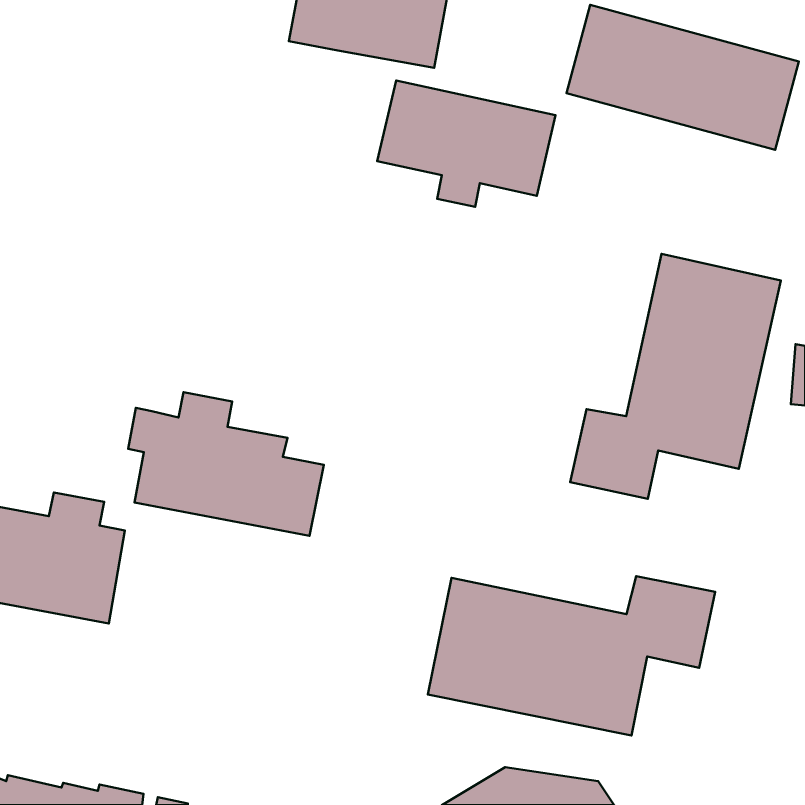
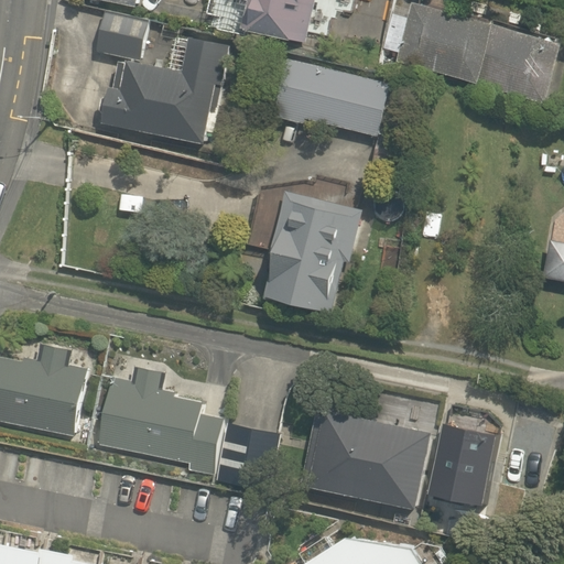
building: none -> [94,7,228,147]
building: [570,254,781,499] -> none
building: none -> [256,192,362,313]
building: [128,392,324,536] -> [91,368,228,468]

